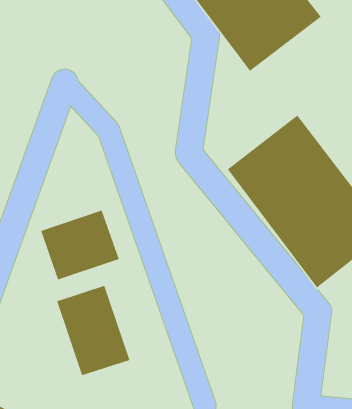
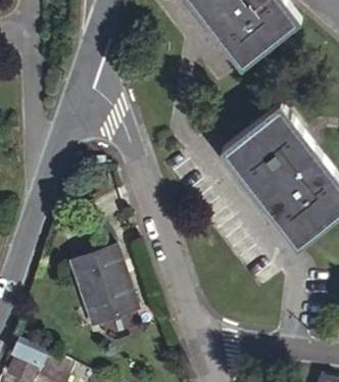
building: [40,210,120,281] -> none

